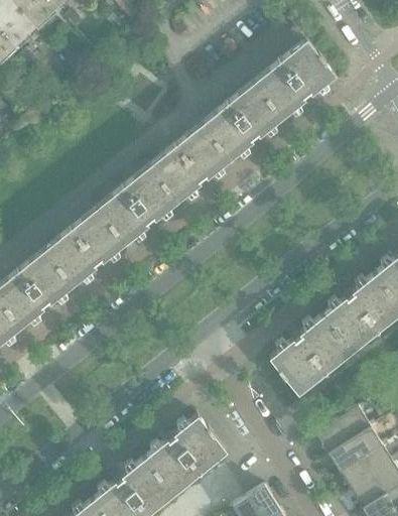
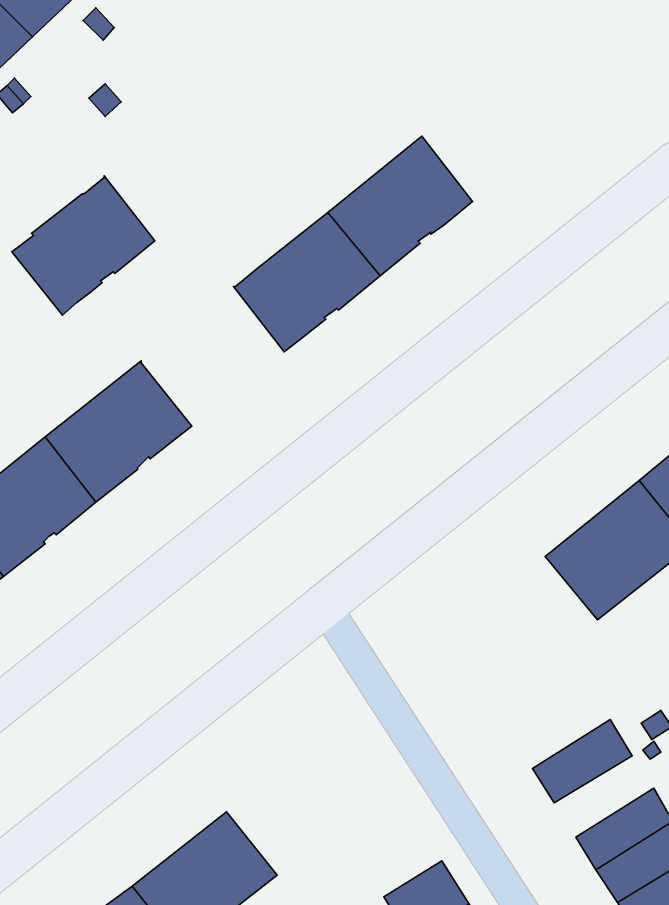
building: [254,41,336,120] -> none
building: [98,167,177,245] -> [12,176,155,315]
building: [269,317,352,396] -> none
building: [145,417,227,495] -> none
building: [327,428,383,474] -> none

